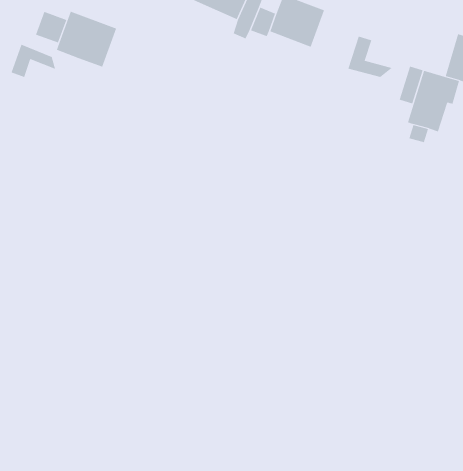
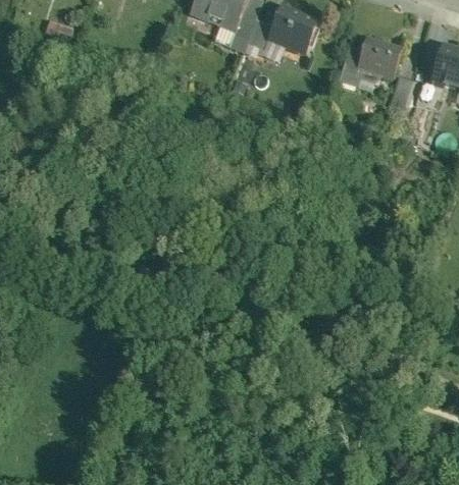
building: [56,11,117,68] -> none
building: none -> [356,34,404,79]
building: [11,44,56,78] -> none

